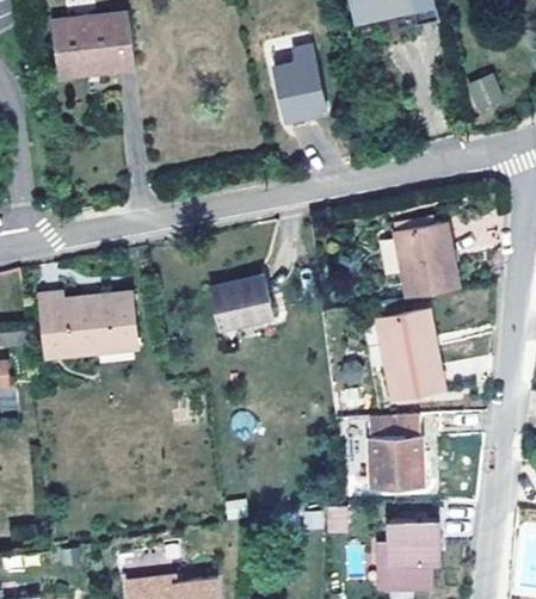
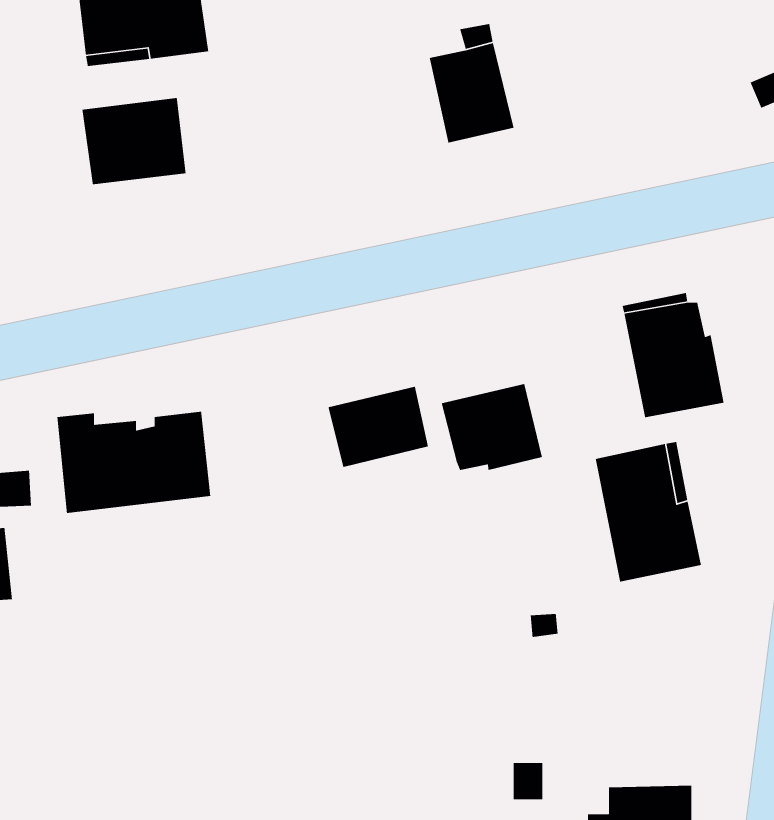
building: none -> [81,97,186,185]
building: none -> [441,383,543,471]
building: [357,414,423,486] -> none

